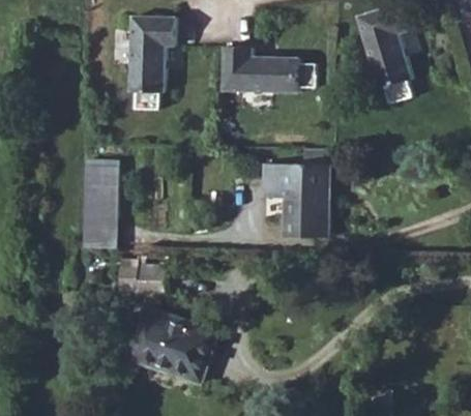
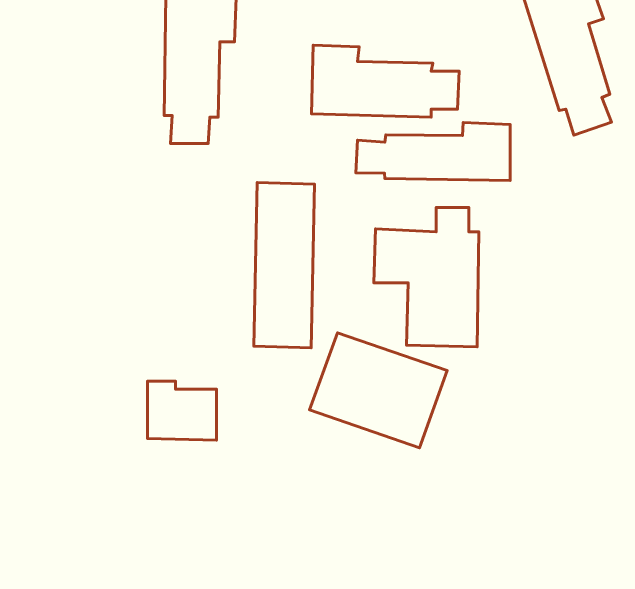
building: none -> [356,123,510,180]
building: [81,145,119,249] -> [254,182,314,348]
building: [129,308,216,381] -> [310,333,447,448]

